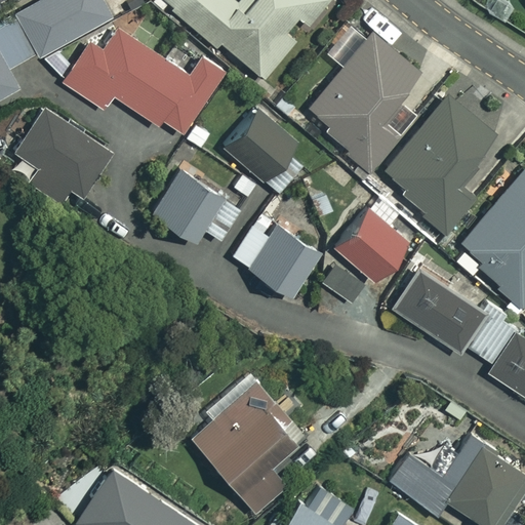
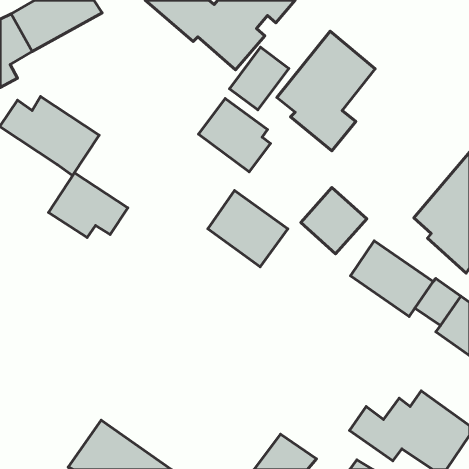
building: [64,26,227,134] -> none
building: none -> [230,47,289,110]
building: [386,96,500,234] -> none
building: [153,171,241,243] -> [49,173,128,237]
building: [191,377,307,512] -> none

